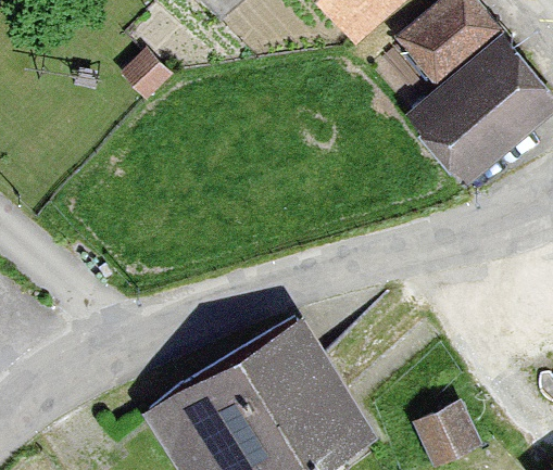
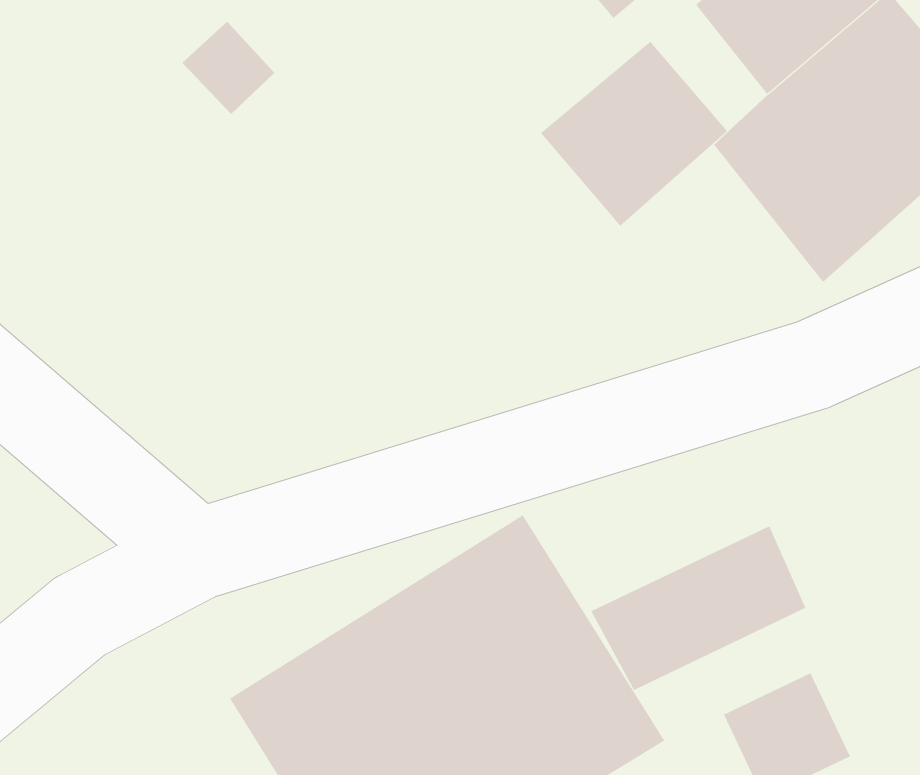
building: none -> [540,41,728,227]
building: none -> [591,525,806,691]

